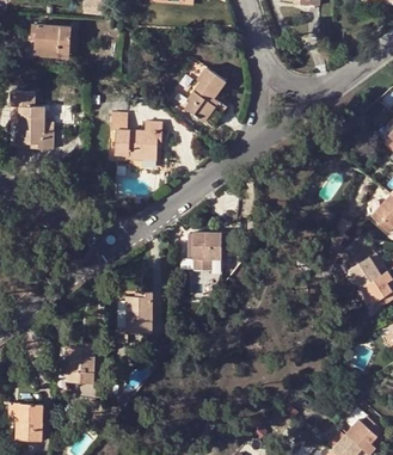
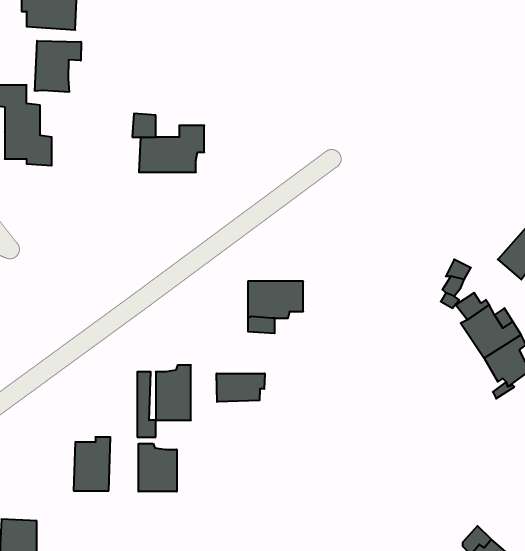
building: none -> [35,41,81,92]
building: [184,67,226,128] -> none
building: none -> [217,373,265,402]
building: none -> [139,444,177,492]

